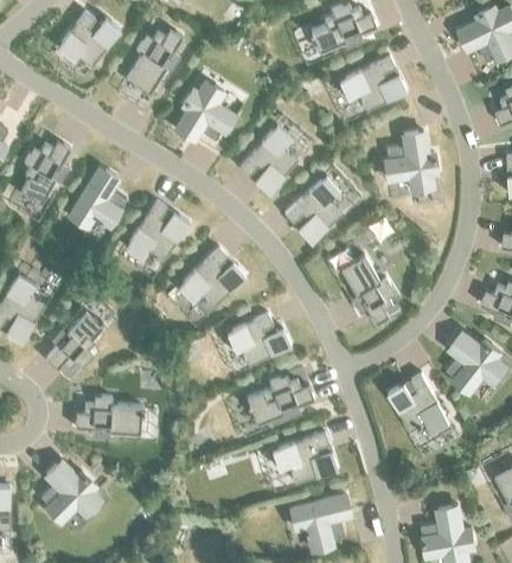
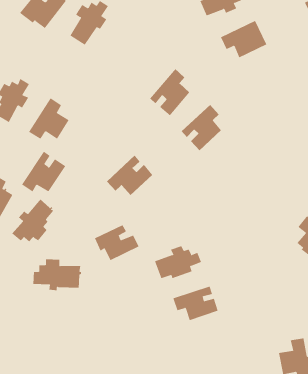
building: [172,79,235,140] -> none
building: [384,129,436,188] -> none
building: [124,199,188,257] -> [21,151,66,192]
building: [340,256,393,325] -> none
building: [226,313,290,364] -> [94,225,139,261]
building: [388,377,448,435] -> none
building: [39,458,101,523] -> none
building: [290,493,351,549] -> none

